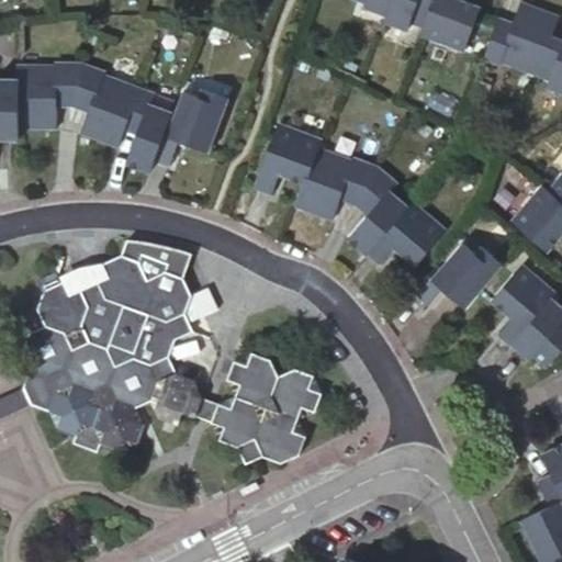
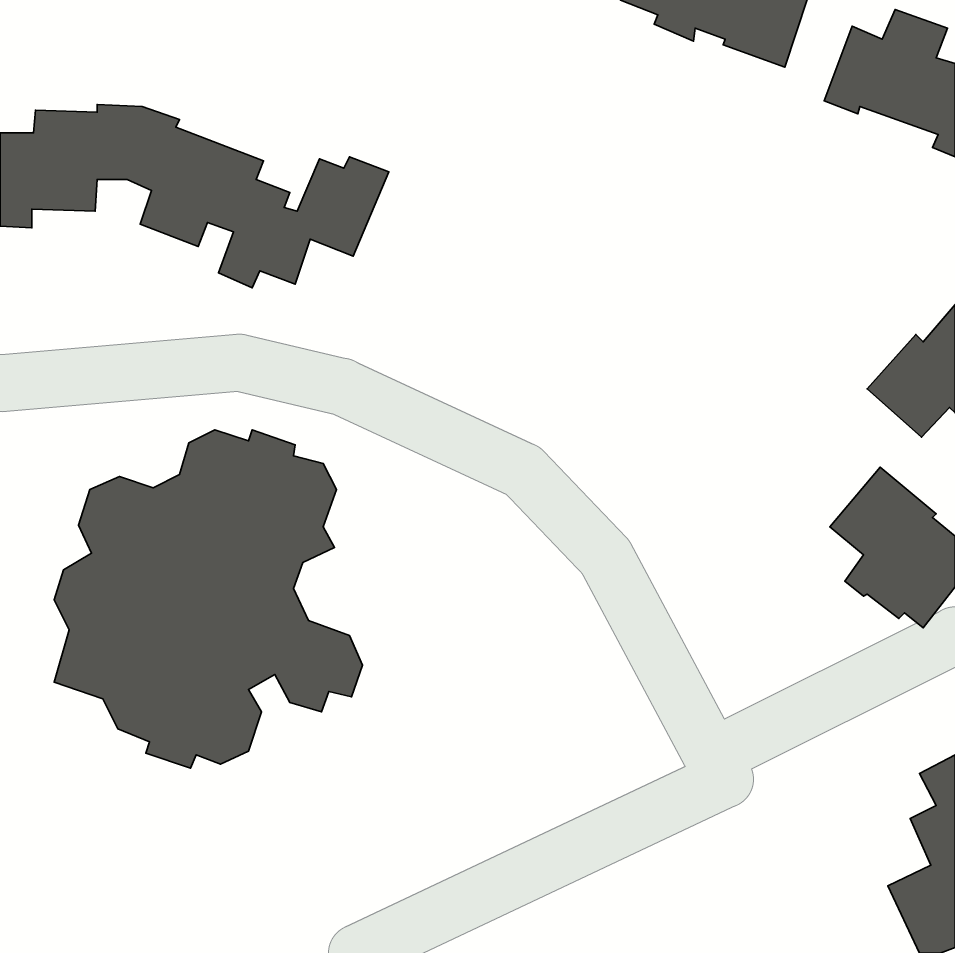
building: [256,126,438,267] -> none
building: [405,248,497,312] -> none
building: [226,346,334,454] -> none

